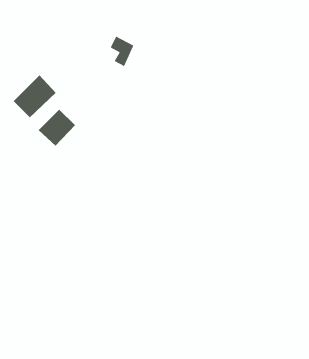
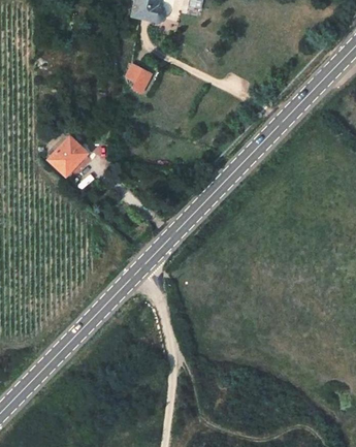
building: [13,75,56,118] -> none

